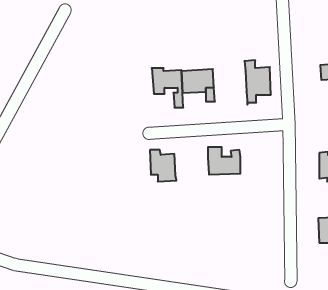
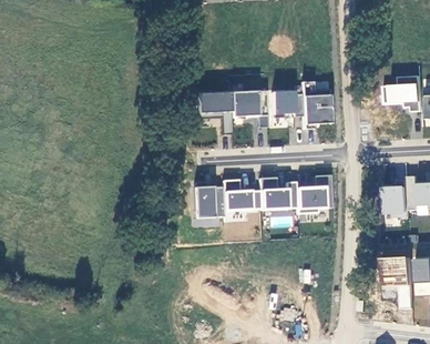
building: none -> [270,90,303,118]
building: none -> [296,174,331,212]
building: none -> [222,179,260,210]

